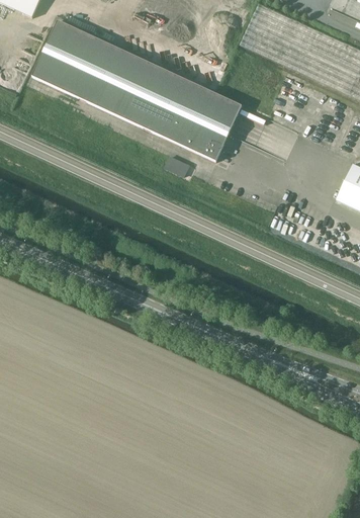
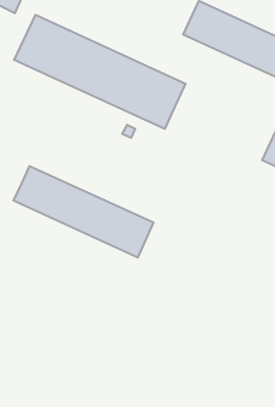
building: none -> [13,166,153,257]

